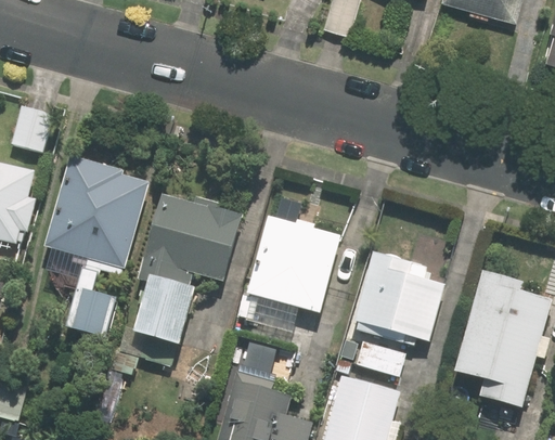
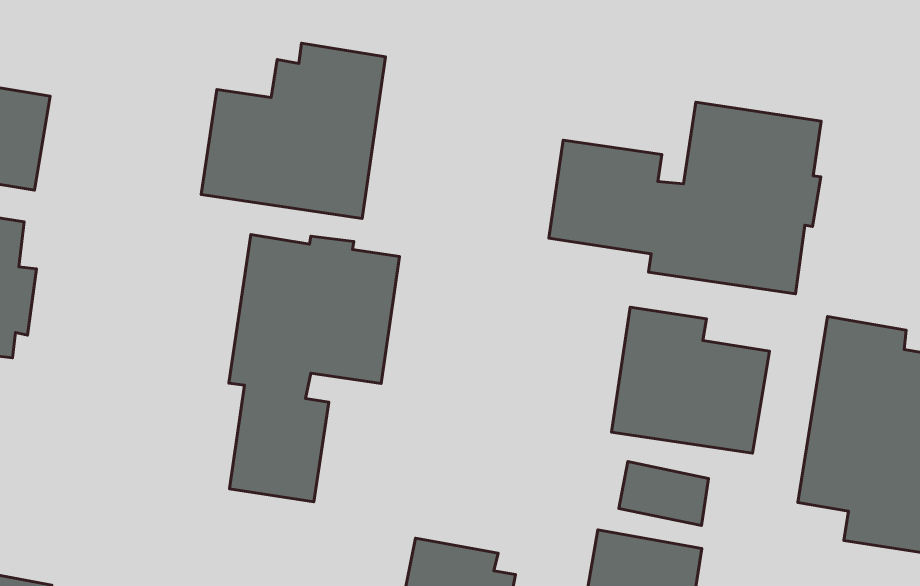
building: none -> [201,43,385,219]
building: none -> [549,102,821,294]
building: [42,155,149,340] -> none
building: [235,218,338,333] -> none

